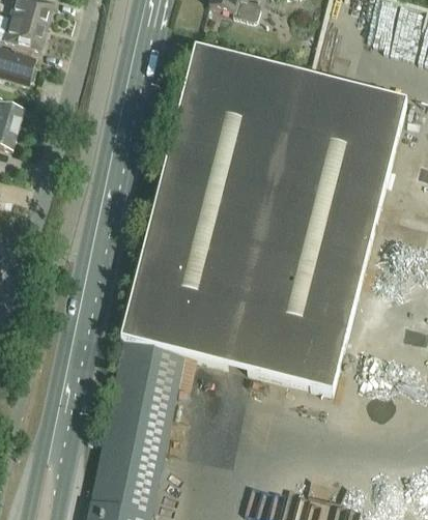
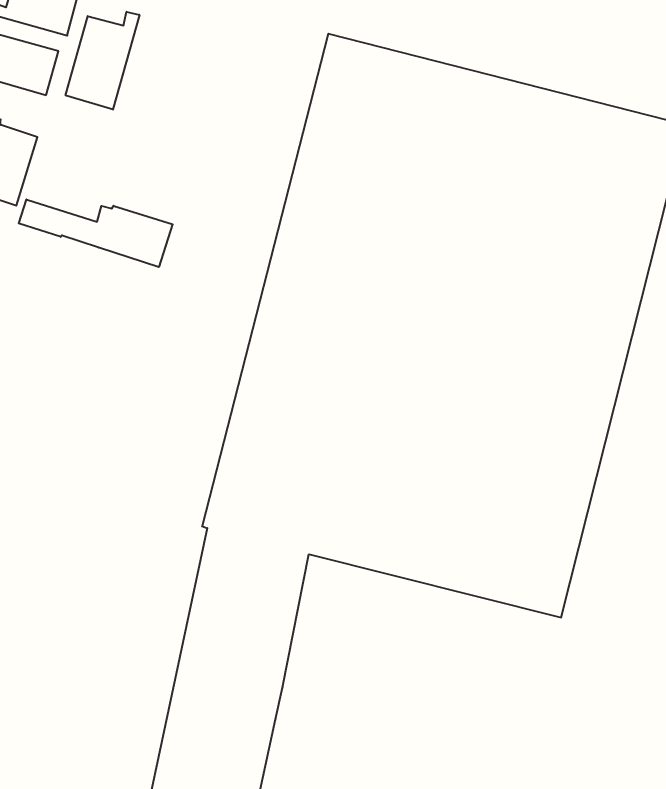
building: none -> [66,12,139,110]
building: none -> [19,199,173,267]

